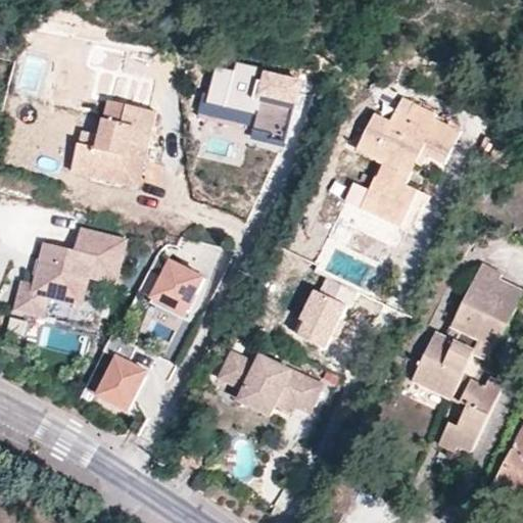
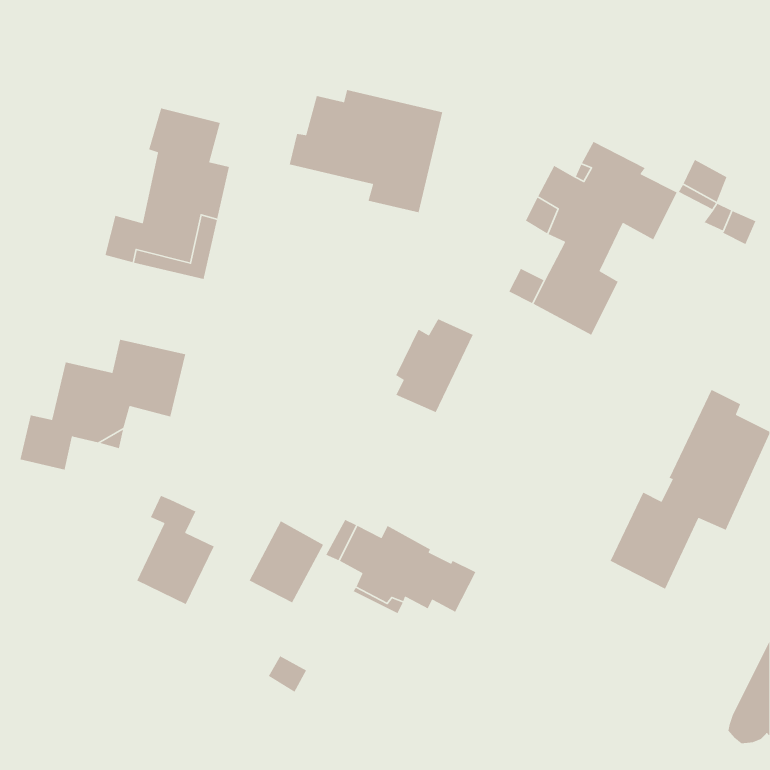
building: [149,262,200,318] -> [249,520,324,603]
building: [295,278,348,342] -> [395,318,474,413]
building: [438,376,502,450] -> none

